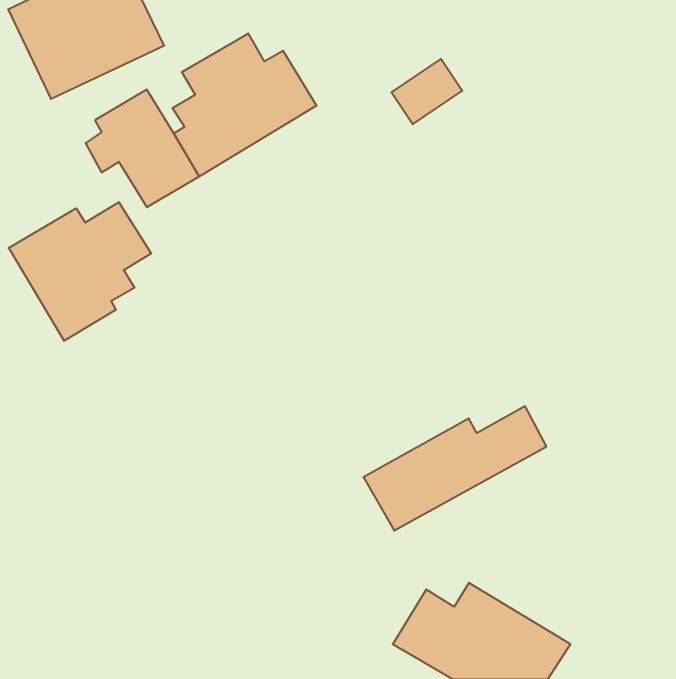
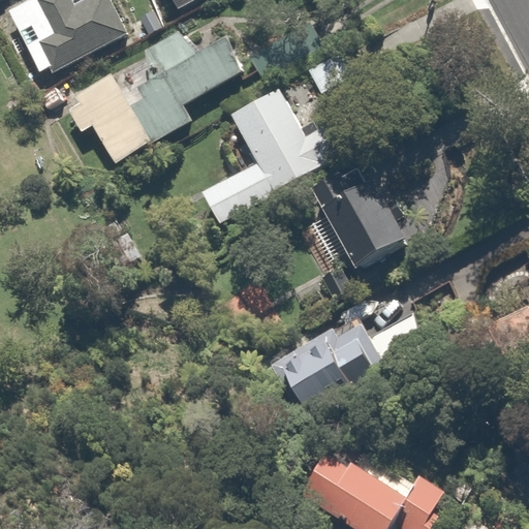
building: none -> [203,85,323,221]
building: none -> [312,155,414,303]
building: [9,202,151,341] -> none

